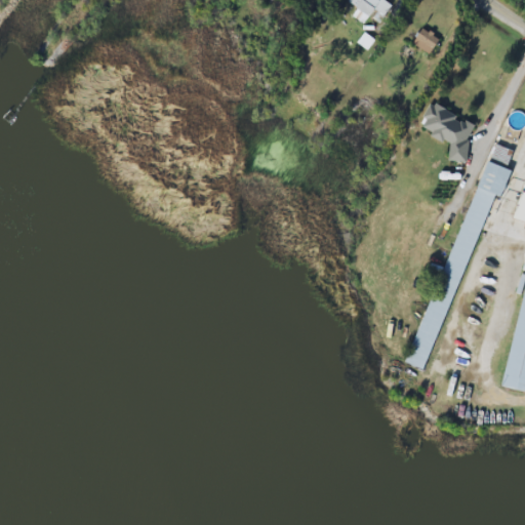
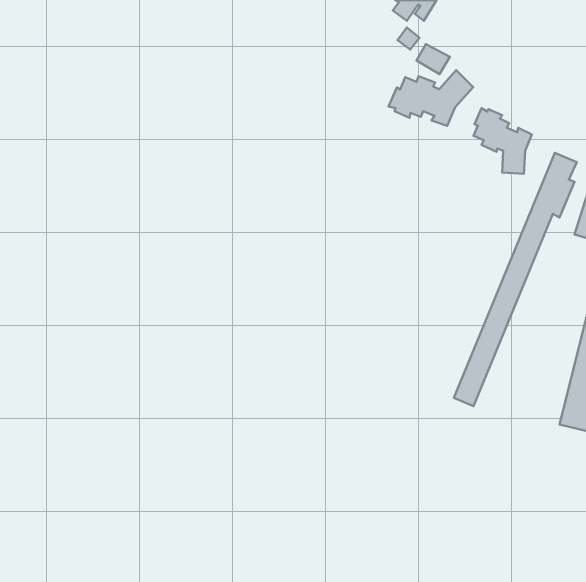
building: [414,28,444,54] -> [417,44,450,74]
building: none -> [389,70,473,126]

